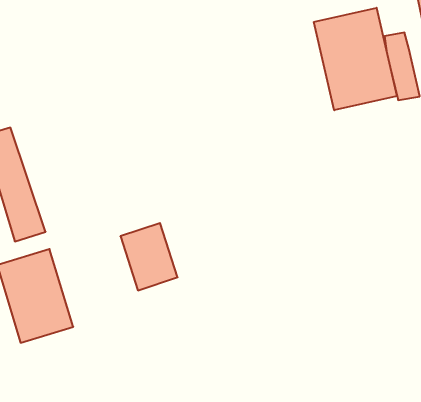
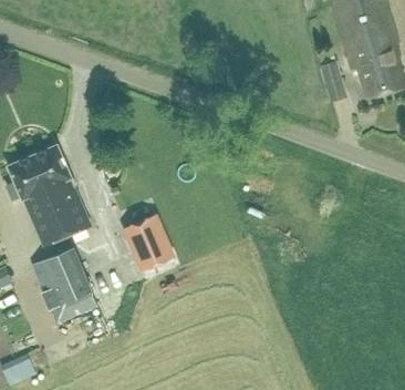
building: [314,8,397,110] -> none
building: none -> [31,143,89,233]

